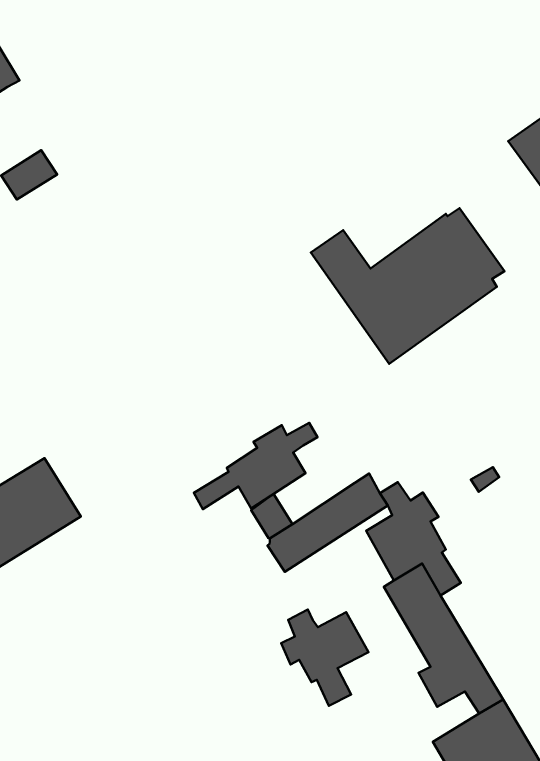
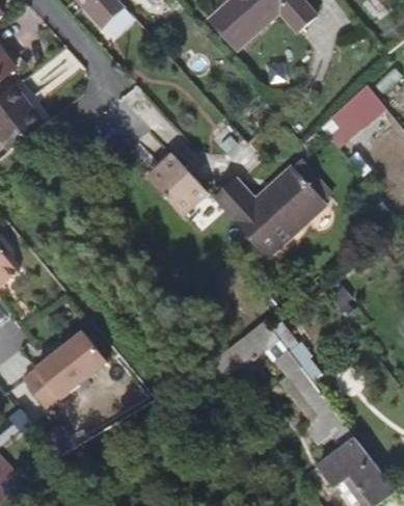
building: none -> [151,154,211,216]
building: [194,423,317,509] -> none
building: [281,609,368,706] -> none

